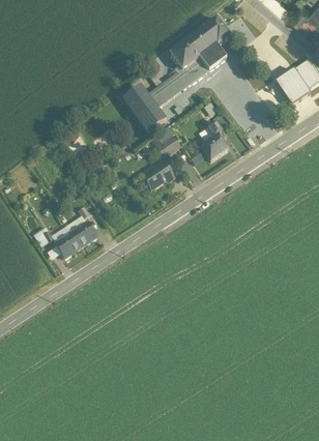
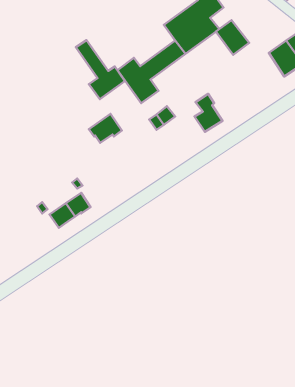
building: none -> [216,20,249,55]
building: none -> [76,40,125,99]
building: [140,161,173,190] -> [89,114,122,143]

